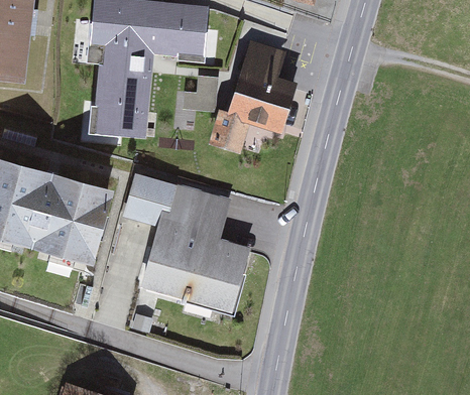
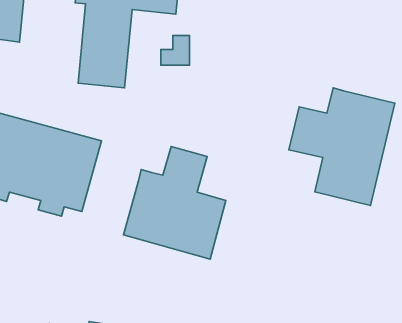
building: [207,44,299,155] -> none
building: none -> [289,88,395,206]
building: [123,178,178,231] -> none

